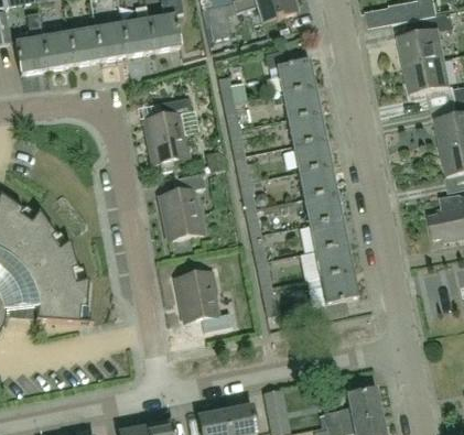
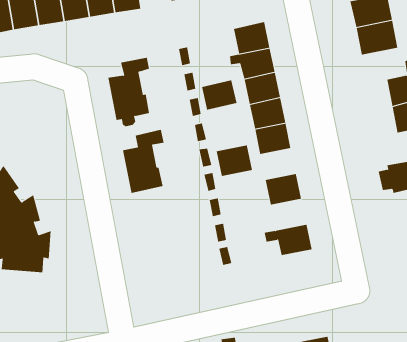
building: none -> [201,80,237,110]
building: [304,191,343,224] -> [216,145,253,176]
building: [315,243,354,276] -> none
building: [177,269,233,329] -> none

